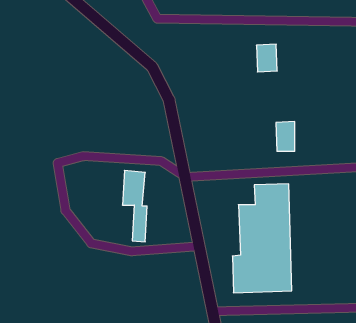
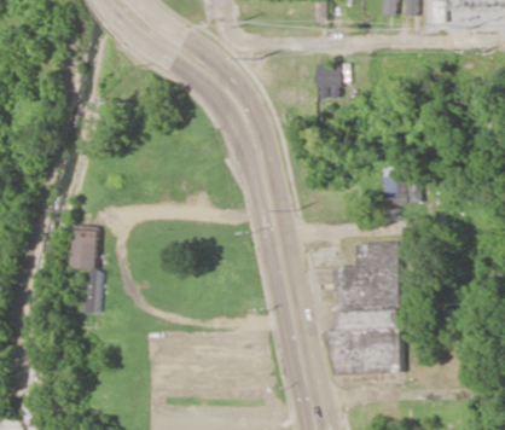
building: [256,44,277,72] -> [314,64,339,98]
building: [122,170,147,242] -> [71,226,101,313]

